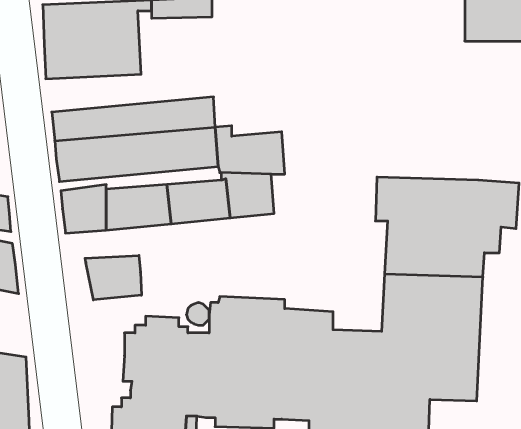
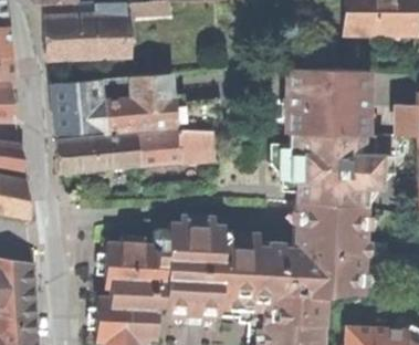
building: none -> [286,69,366,135]
building: [85,255,141,300] -> none

